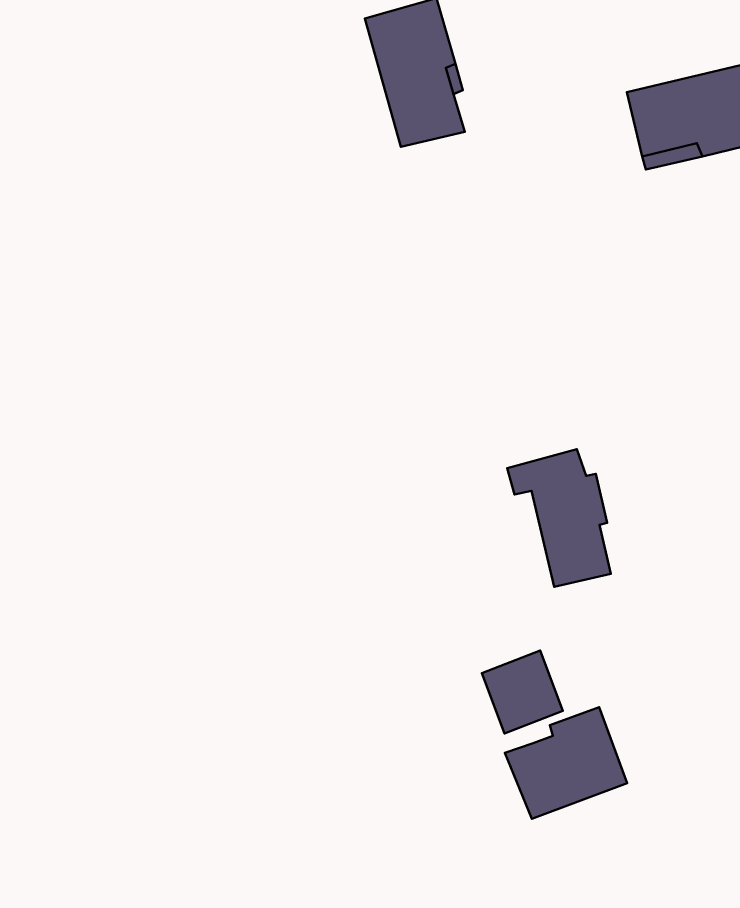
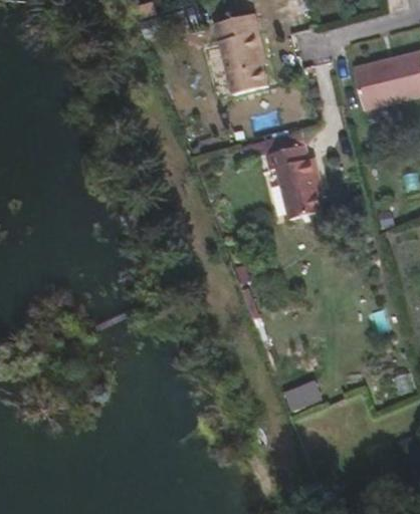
building: [507,449,611,587] -> [265,145,321,218]
building: [505,707,627,819] -> none

